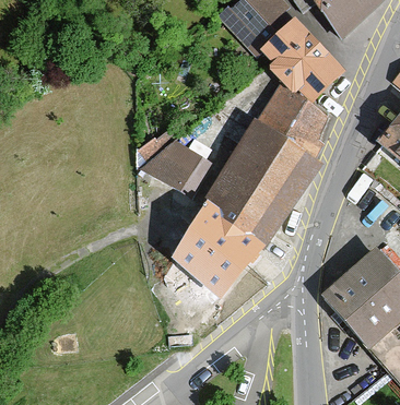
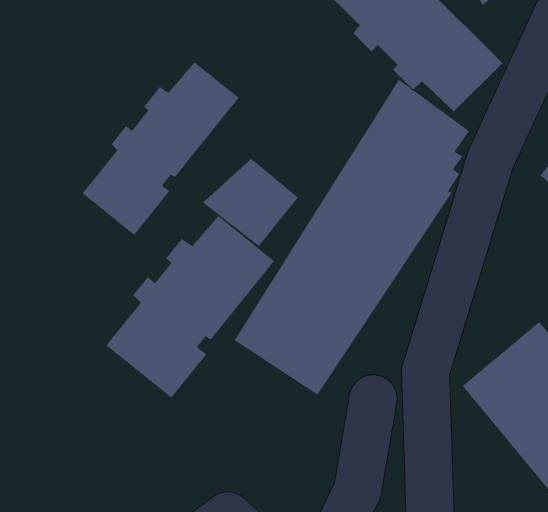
building: none -> [82,61,240,236]
building: none -> [105,215,275,399]

